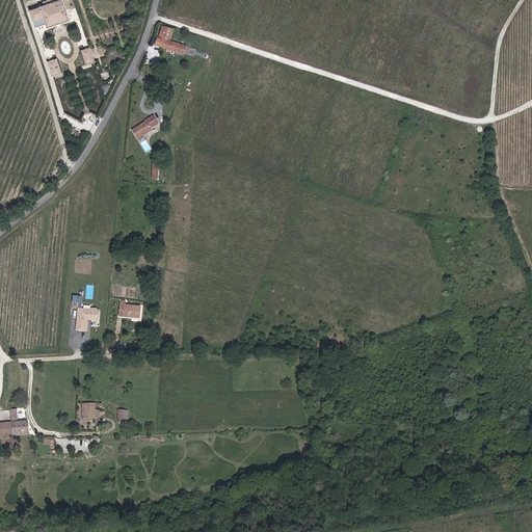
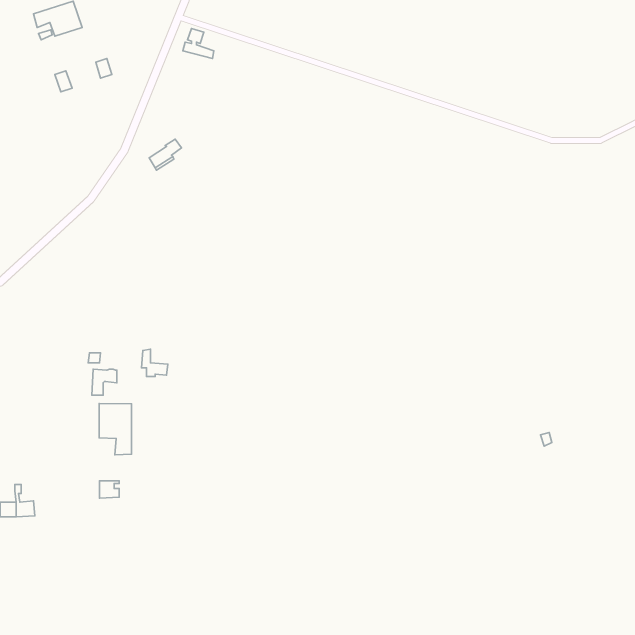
building: none -> [99,403,132,455]

